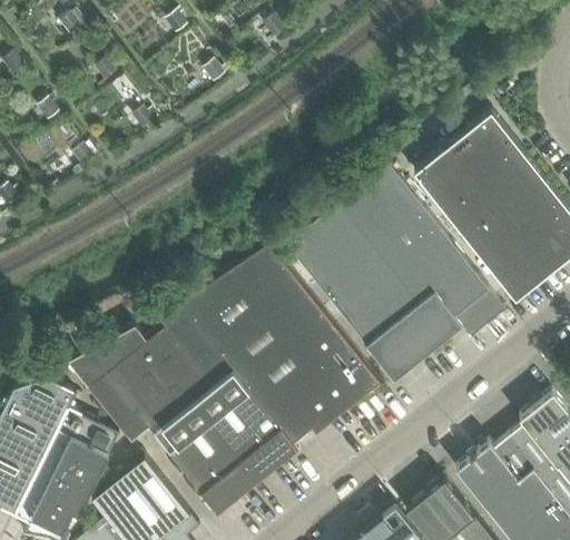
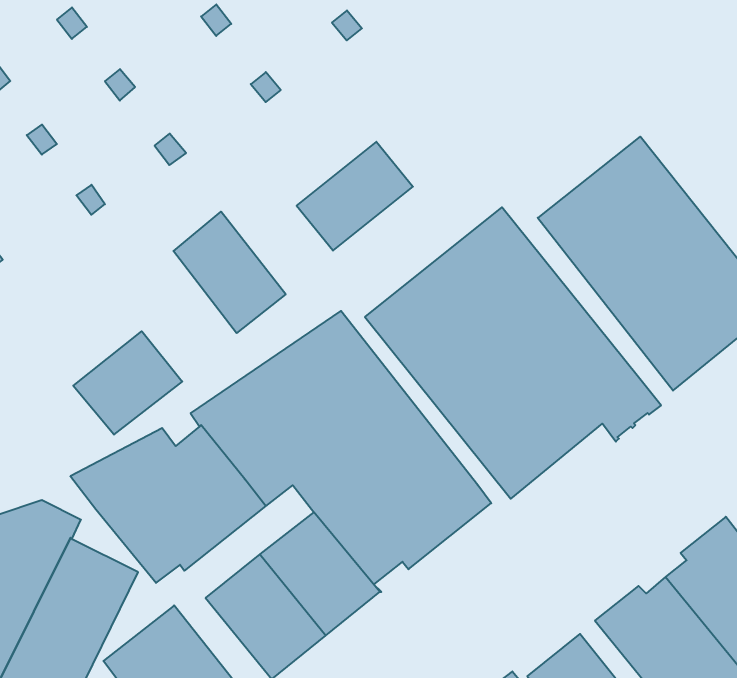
building: none -> [297,142,413,251]
building: none -> [173,212,286,333]
building: none -> [73,331,182,435]
building: [153,370,248,453] -> none

